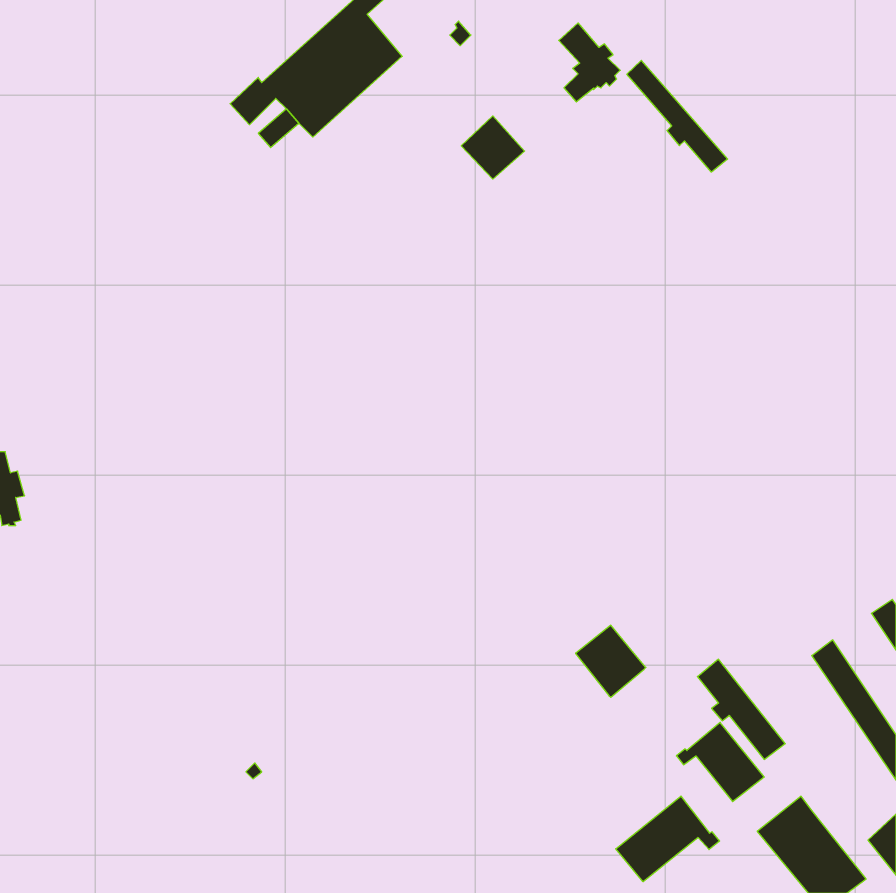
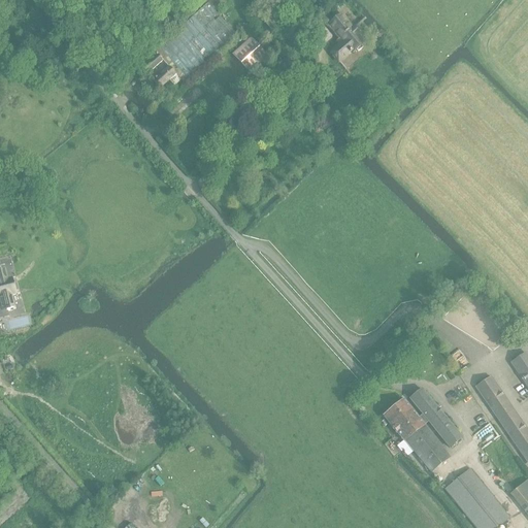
building: [627,60,728,172] -> none
building: [461,116,525,179] -> [232,35,269,72]
building: [576,625,646,697] -> [383,398,424,440]
building: [616,796,720,882] -> none

